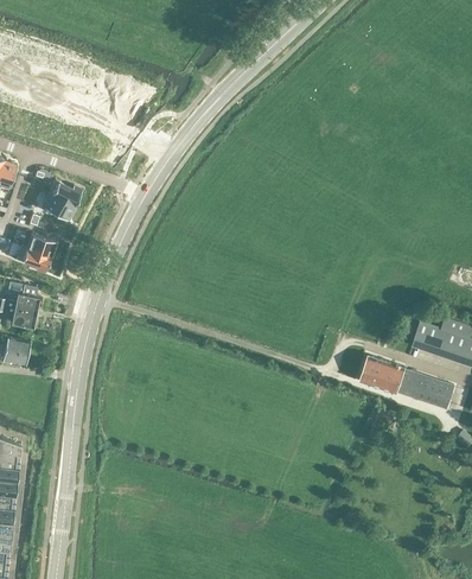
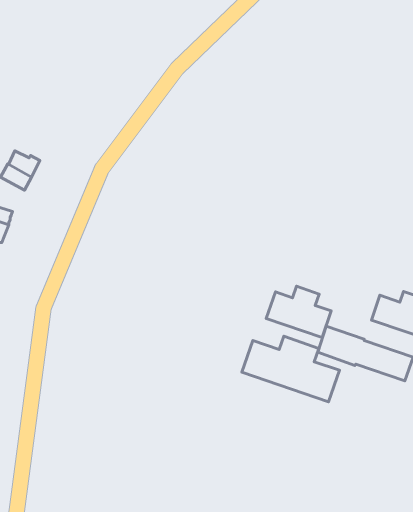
building: none -> [266,286,331,338]
building: none -> [242,336,339,402]

